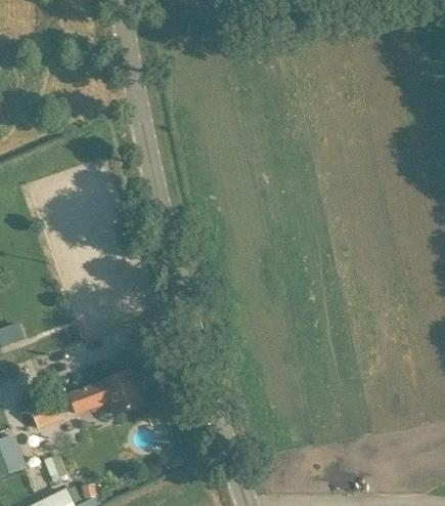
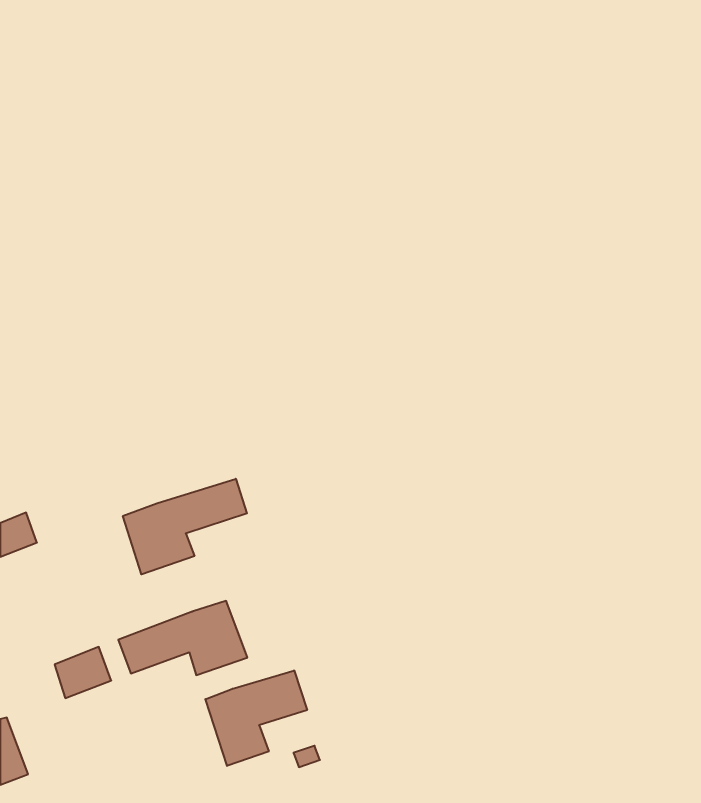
building: none -> [123,479,247,574]
building: none -> [205,670,307,766]

